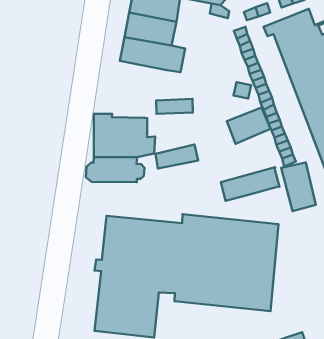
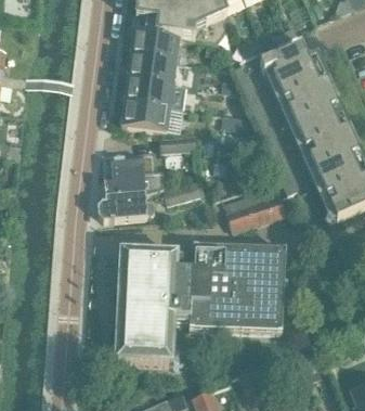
building: none -> [121,102,169,131]
building: [227,108,270,144] -> none
building: [281,163,316,211] -> none

